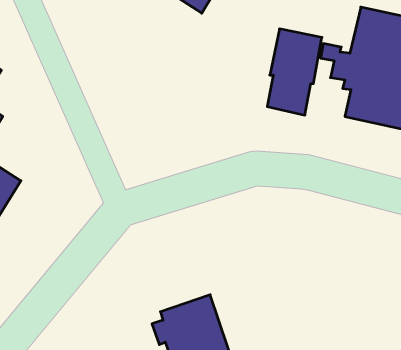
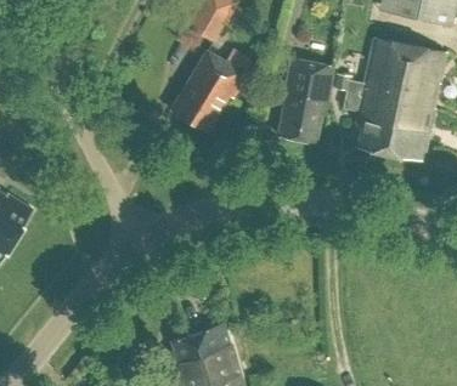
building: none -> [165,51,244,132]

